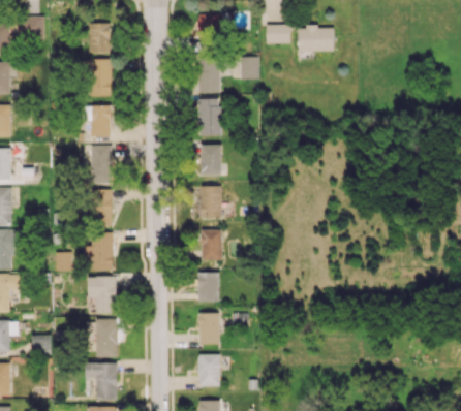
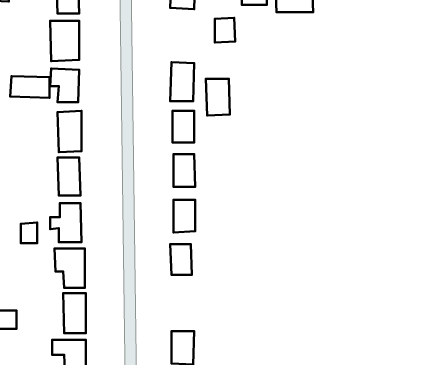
building: [197,59,220,94] -> [206,79,230,116]
building: none -> [10,76,50,98]
building: [197,313,219,345] -> none

